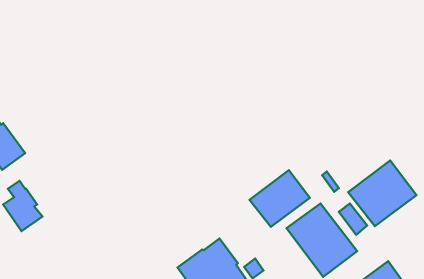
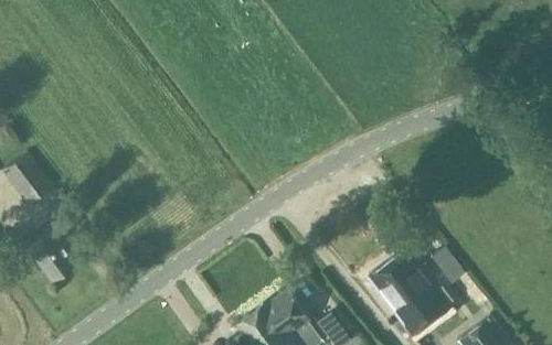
building: [348,160,416,226] -> none
building: [250,170,310,227] -> none

